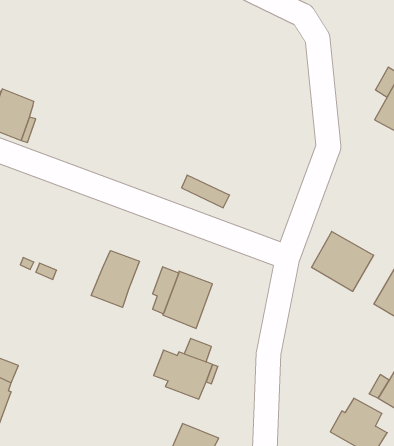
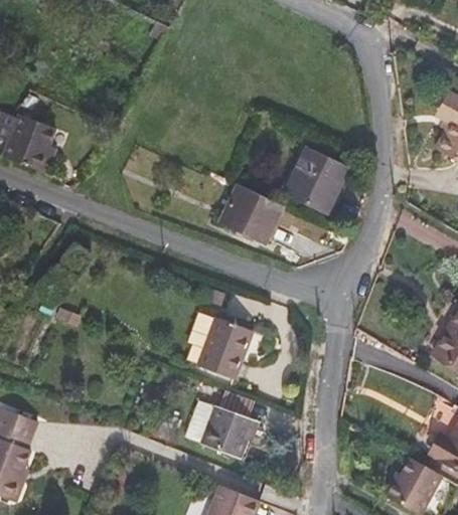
building: none -> [286,148,348,212]
building: none -> [224,184,284,231]
building: [312,231,374,291] -> none
building: [91,251,139,307] -> none

